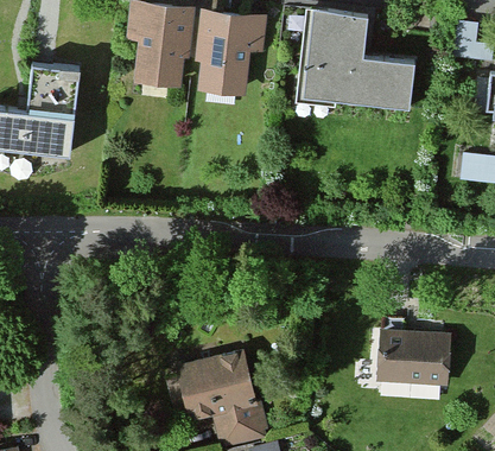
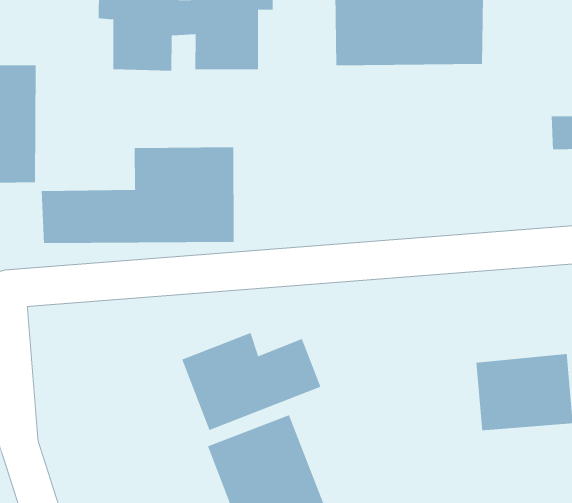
building: none -> [41,146,234,244]
building: none -> [181,332,321,431]

